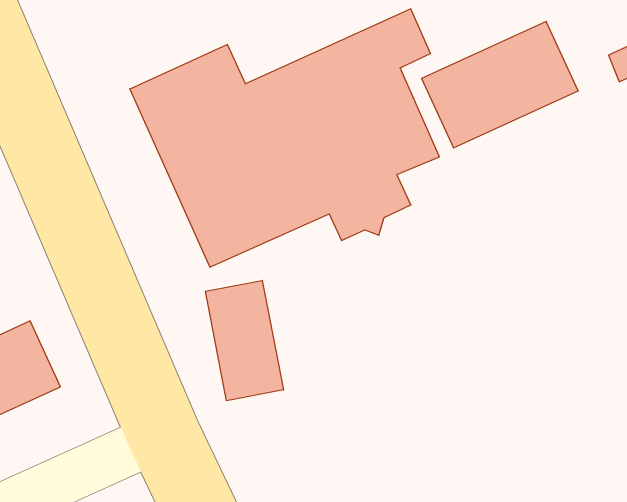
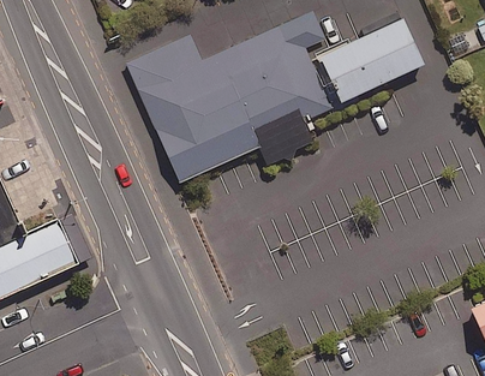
building: [205,280,284,401] -> none

